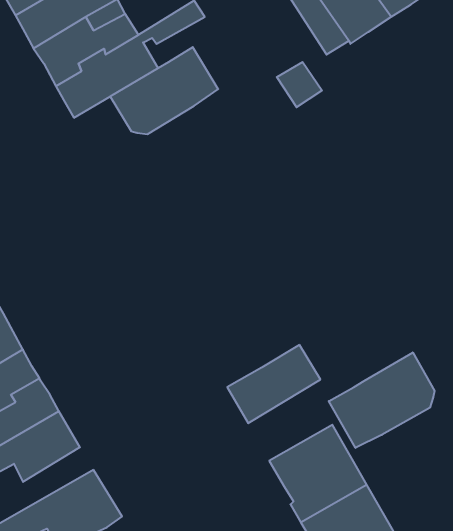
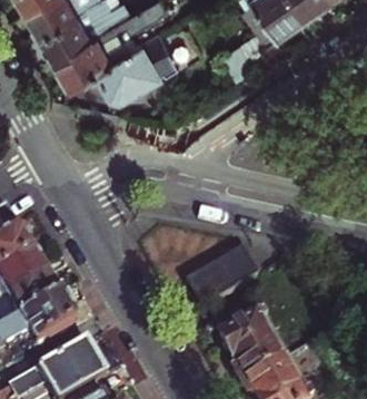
building: [329,352,435,448] -> none

